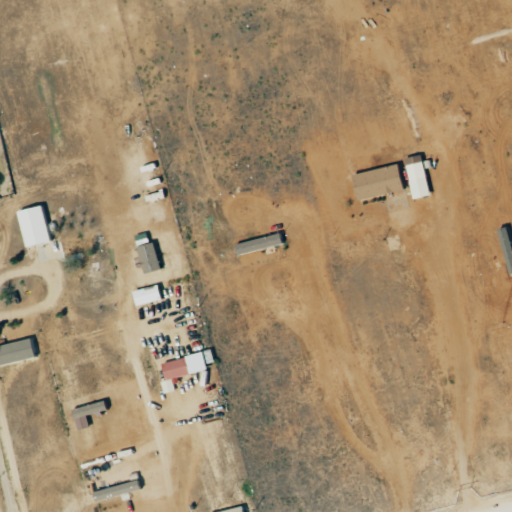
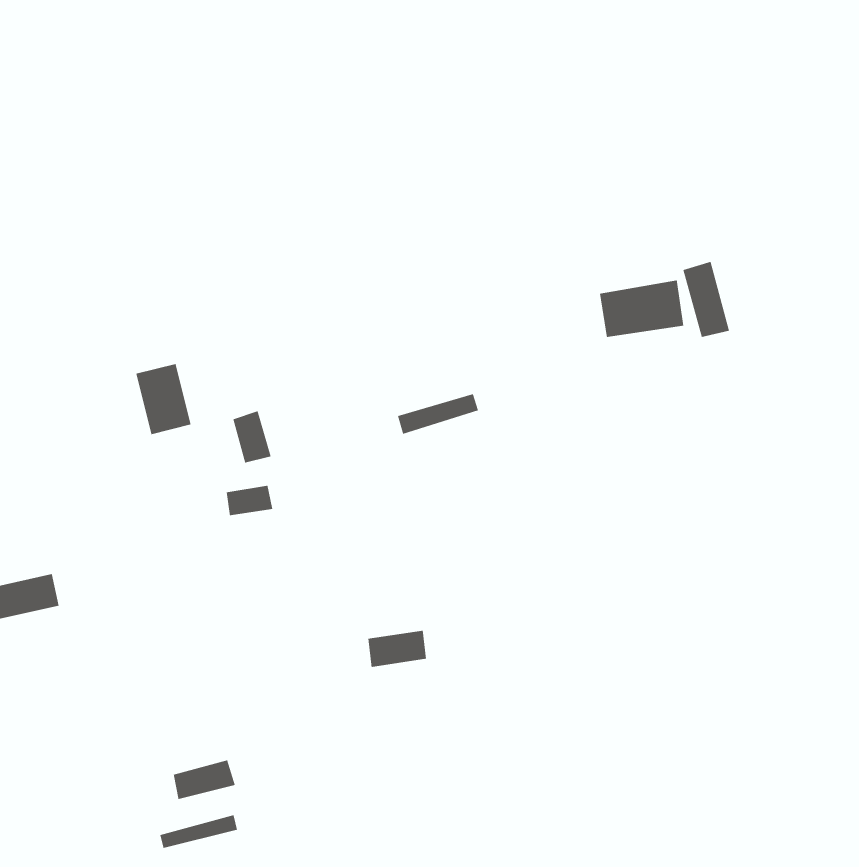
building: [17,205,50,247] -> [136,363,192,435]
building: [161,357,196,379] -> [367,630,427,667]
building: none -> [173,760,235,800]

